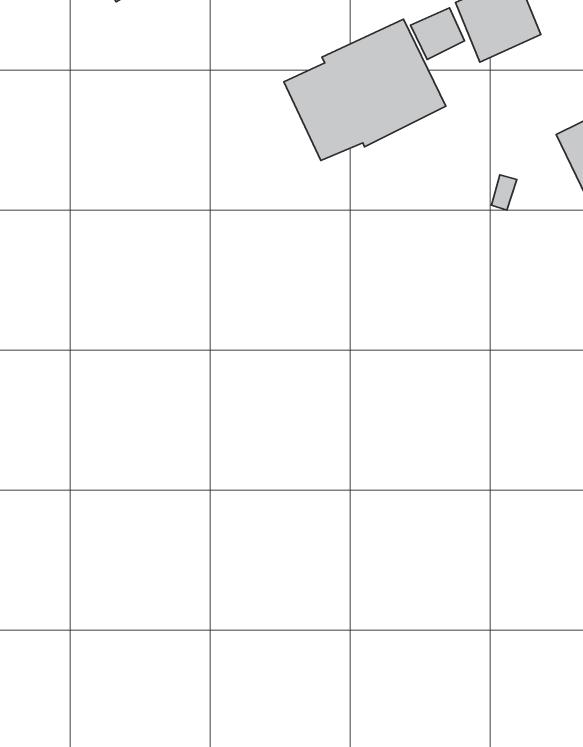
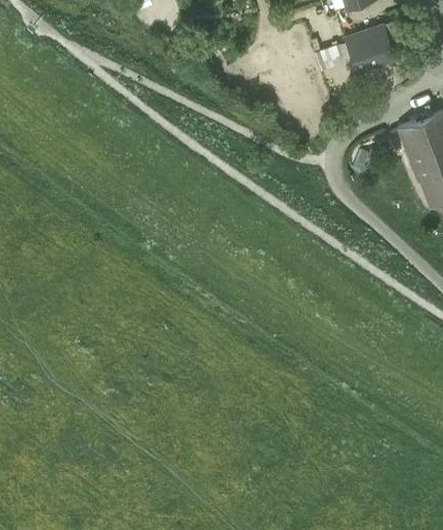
building: [284,19,446,160] -> none

